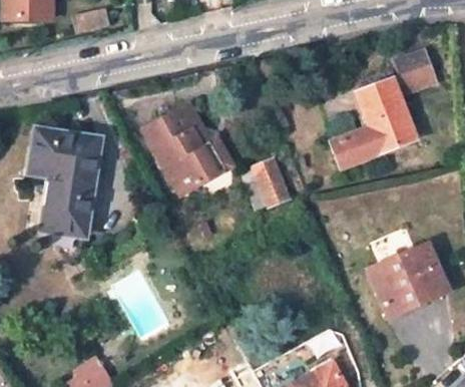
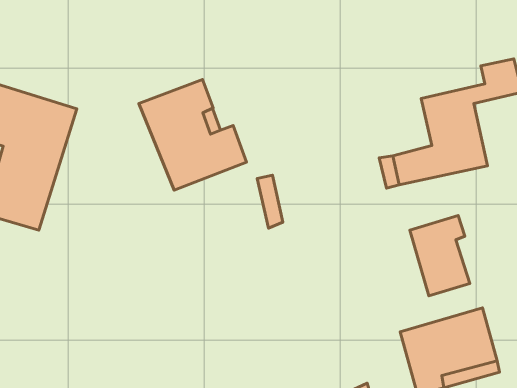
building: [256,160,288,204] -> none
building: none -> [410,216,470,296]

